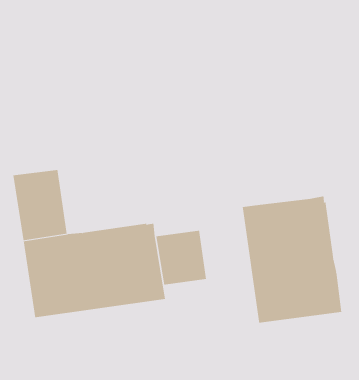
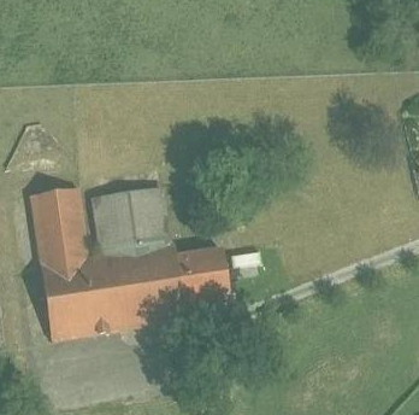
building: none -> [94,185,169,251]
building: [242,196,342,324] -> none

